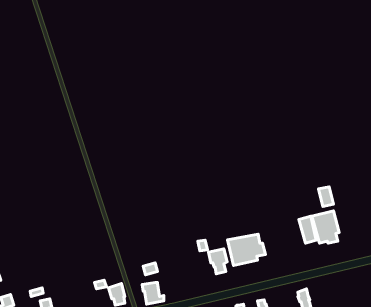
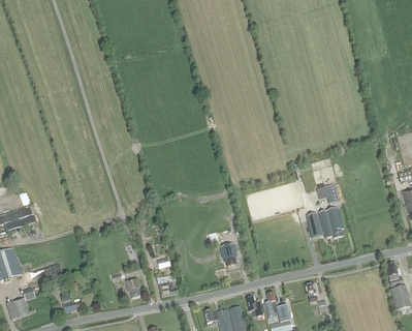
building: [228,234,265,265] -> none

